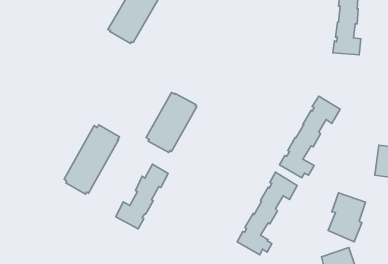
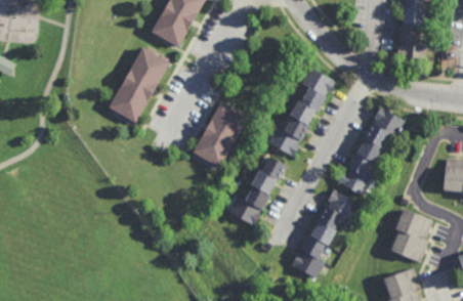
building: none -> [269,68,334,156]
building: [64,125,119,194] -> [109,46,169,122]
building: [116,164,168,229] -> [230,155,288,225]

